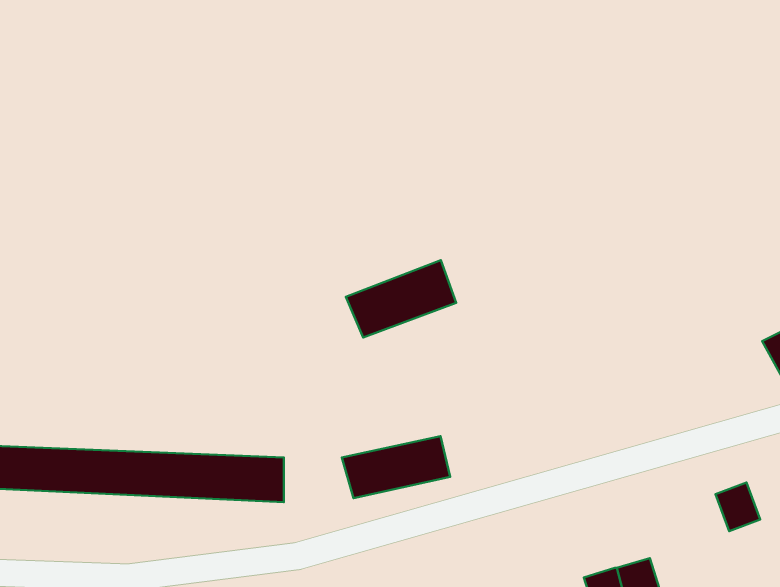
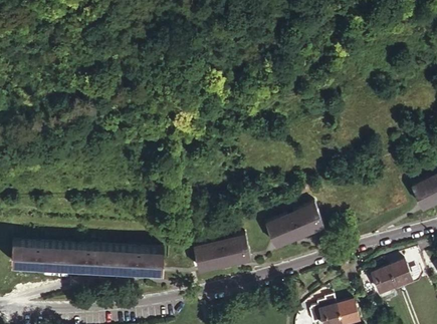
building: [346,260,456,338] -> [265,205,322,245]
building: none -> [371,266,395,291]

